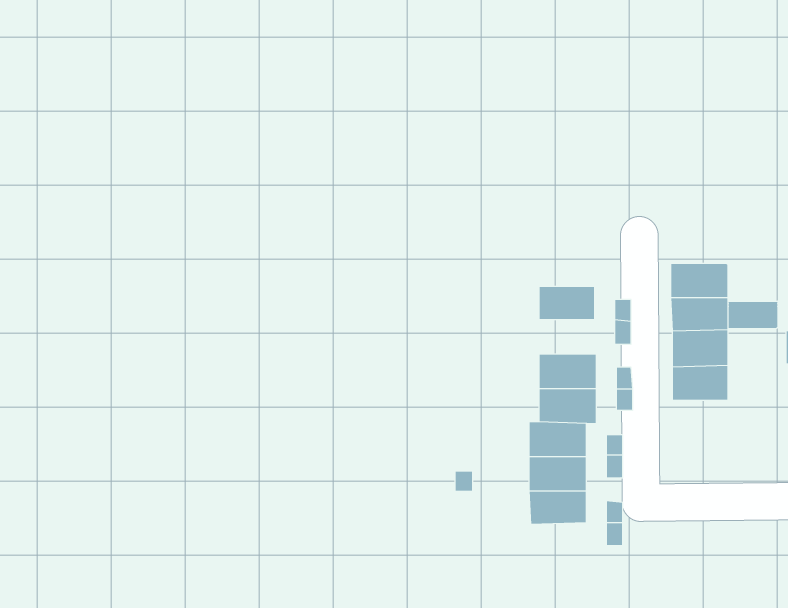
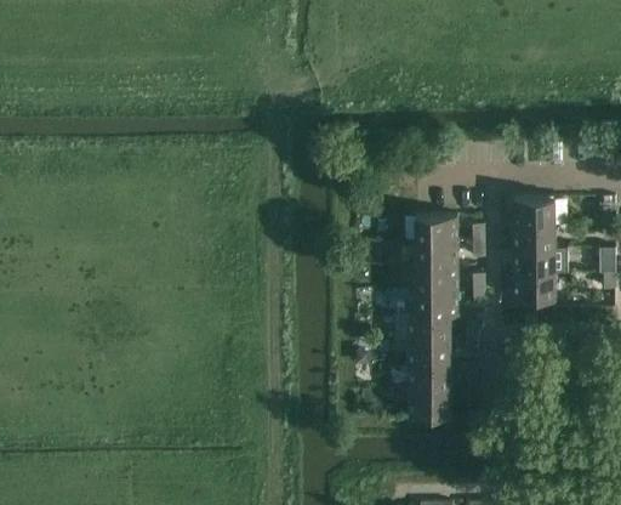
building: [728,301,778,329] -> none
building: none -> [415,240,457,266]
building: none -> [409,390,450,418]

